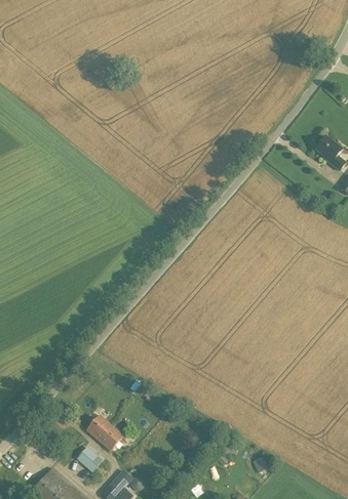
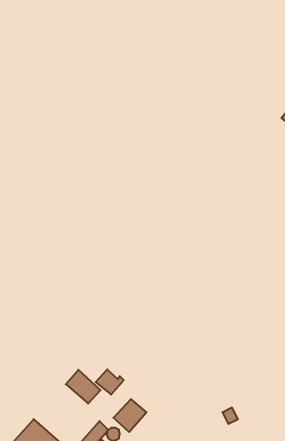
building: [75,446,105,472] -> [96,369,124,395]
building: none -> [113,399,146,432]

